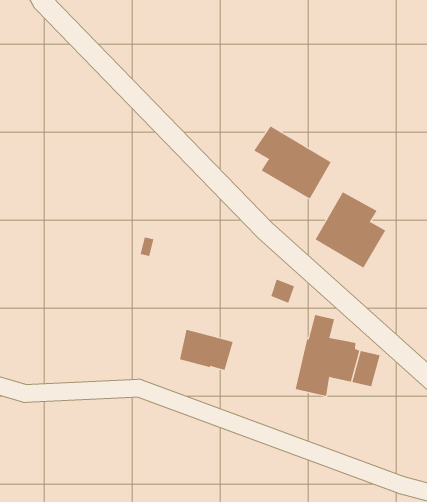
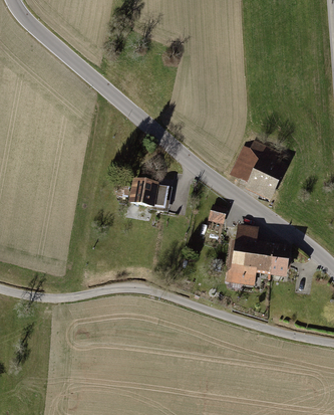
building: [254,126,332,199] -> none
building: [179,329,234,371] -> [129,183,165,209]

